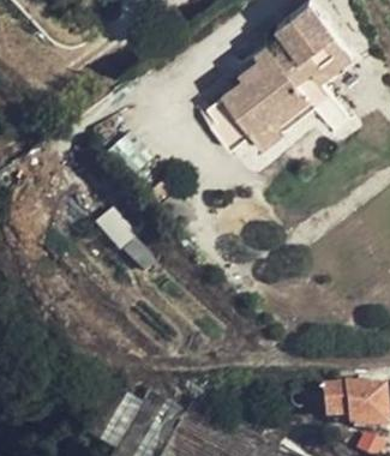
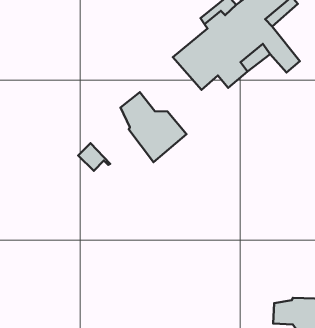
building: none -> [120,92,186,162]

